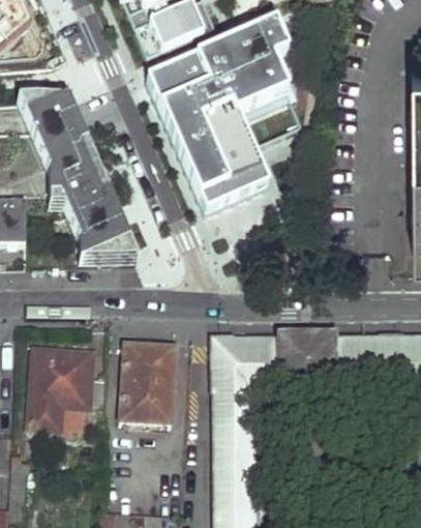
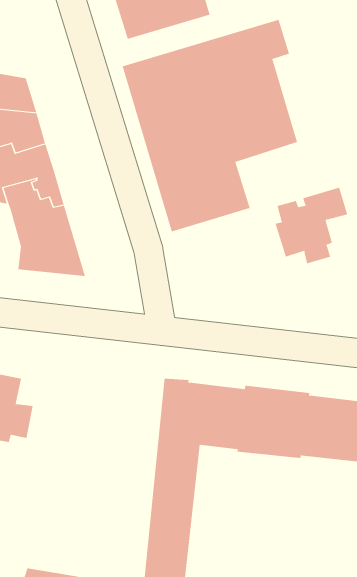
building: none -> [275,187,348,264]
building: [117,342,173,422] -> none

